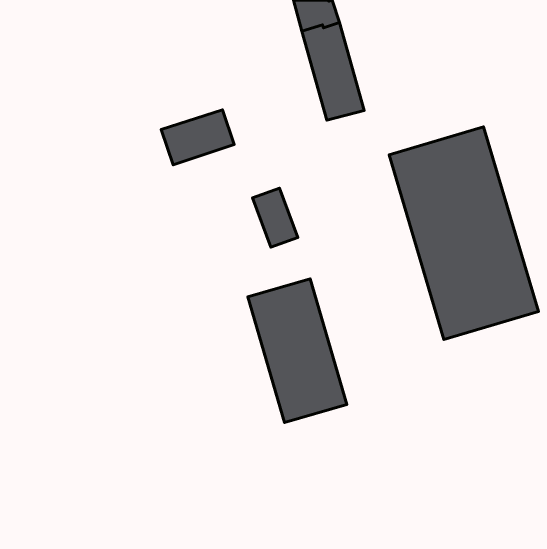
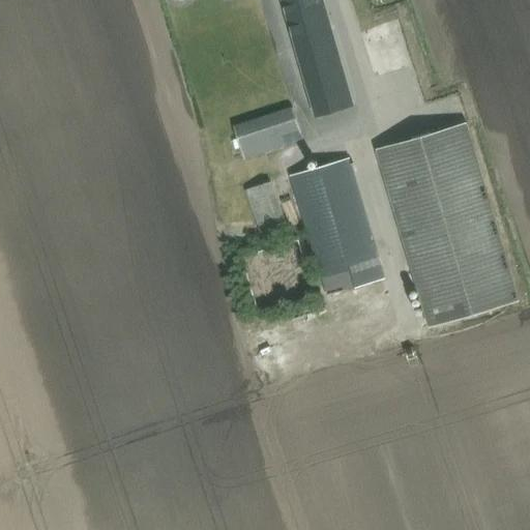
building: [161,110,234,165] -> [232,107,302,159]
building: [248,279,347,423] -> [289,157,384,296]

